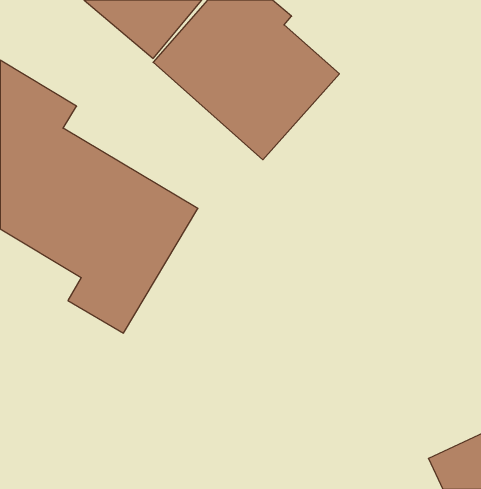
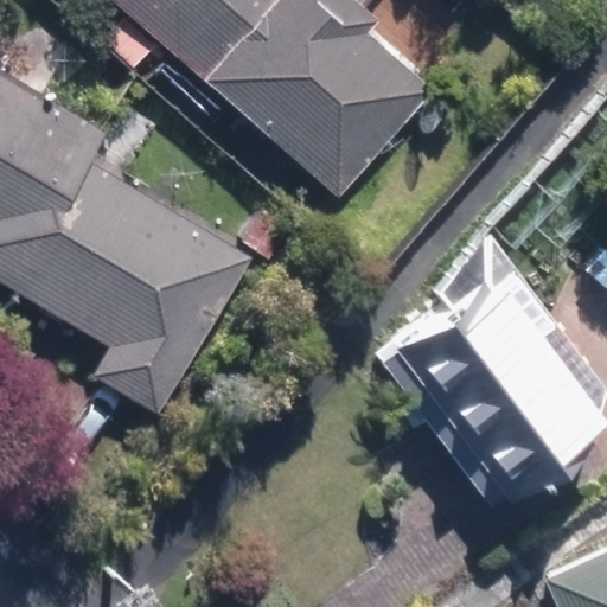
building: none -> [378,273,592,494]

